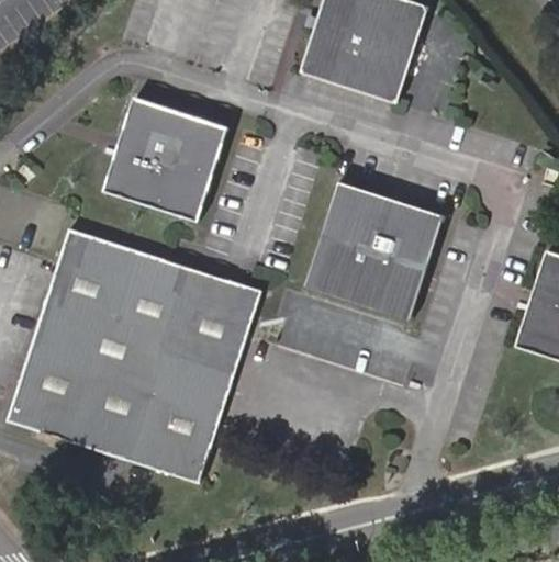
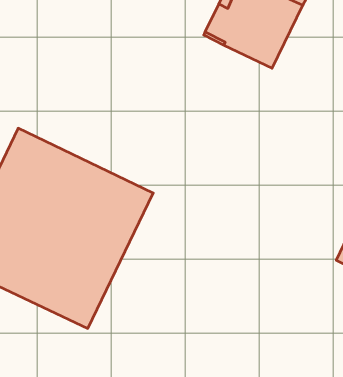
building: [103,99,227,221] -> none
building: [302,181,445,321] -> none

